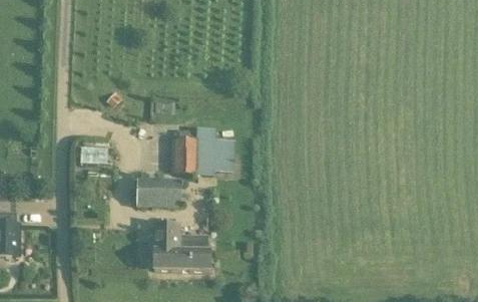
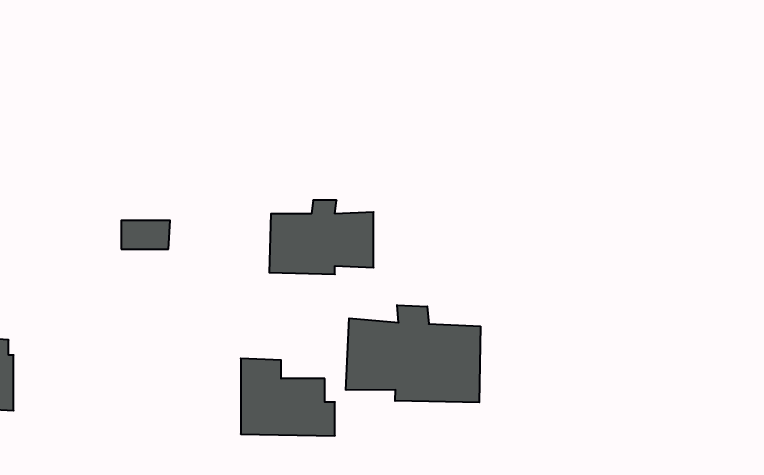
building: [136,176,180,204] -> none
building: none -> [346,305,480,402]

